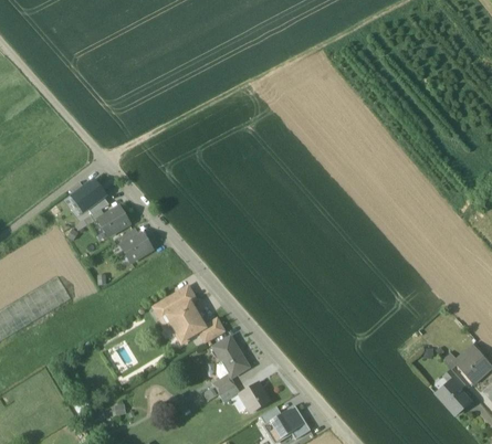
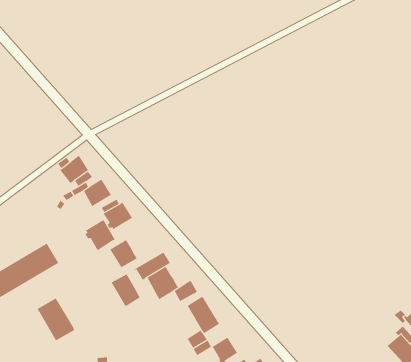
building: none -> [85,219,115,251]
building: none -> [109,239,138,269]
building: none -> [111,273,140,307]
building: none -> [37,298,75,341]

